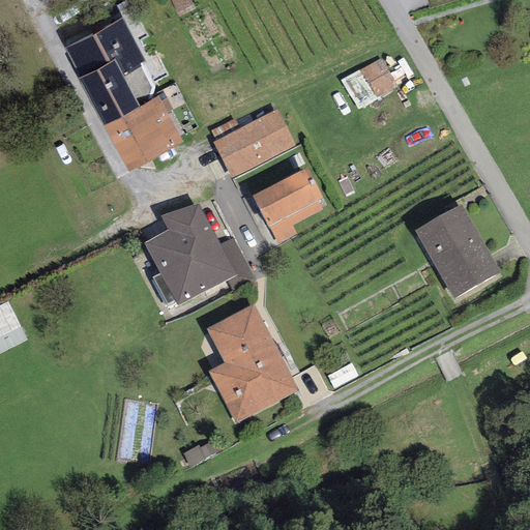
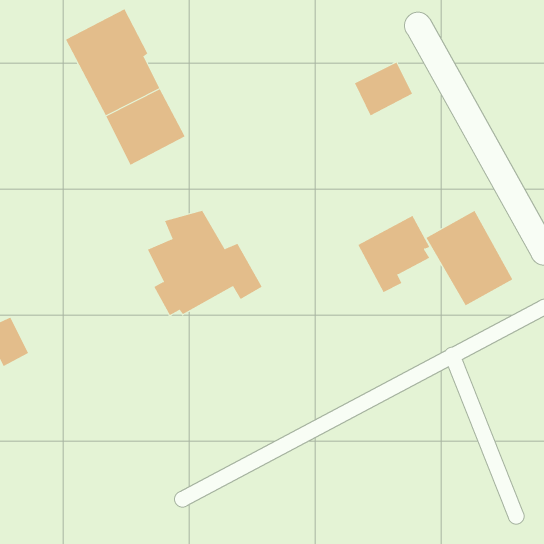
building: [213,110,294,177] -> none
building: [252,167,322,242] -> [358,215,430,293]
building: [205,304,297,422] -> none

